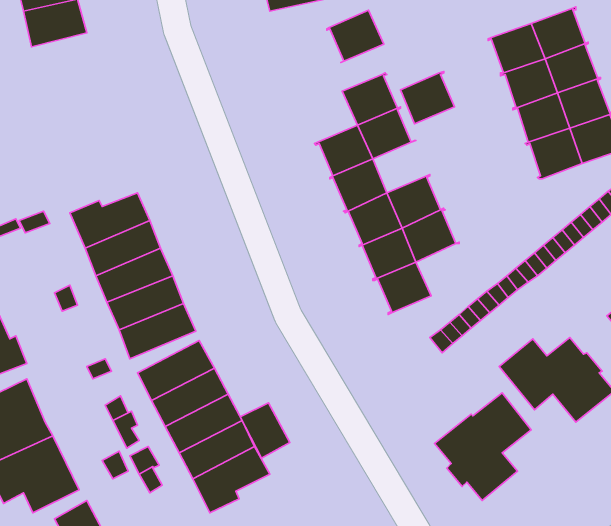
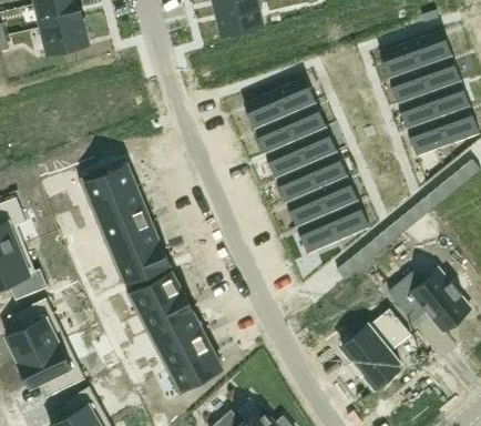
building: [327,10,384,63] -> [244,92,285,130]
building: [401,71,454,124] -> [296,128,335,165]
building: none -> [327,202,369,240]
building: [240,403,290,458] -> none

